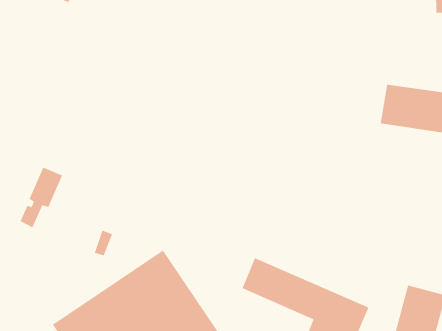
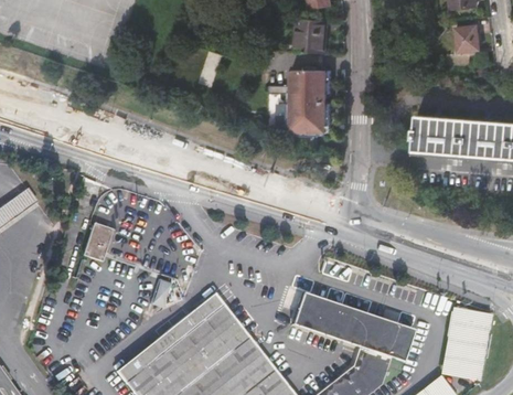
building: none -> [266,60,325,126]

